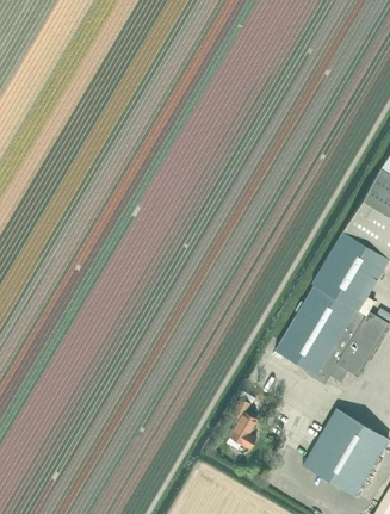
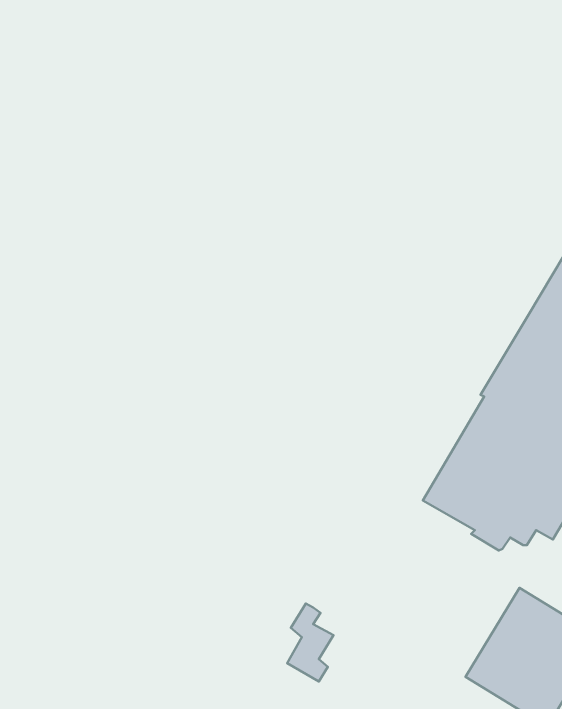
building: [230,397,260,447] -> [287,604,334,682]

